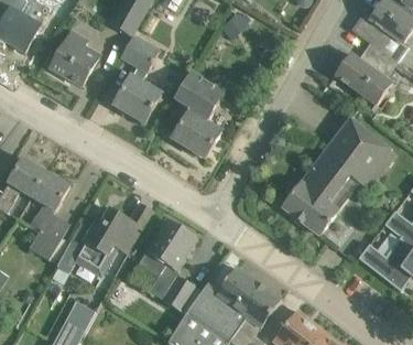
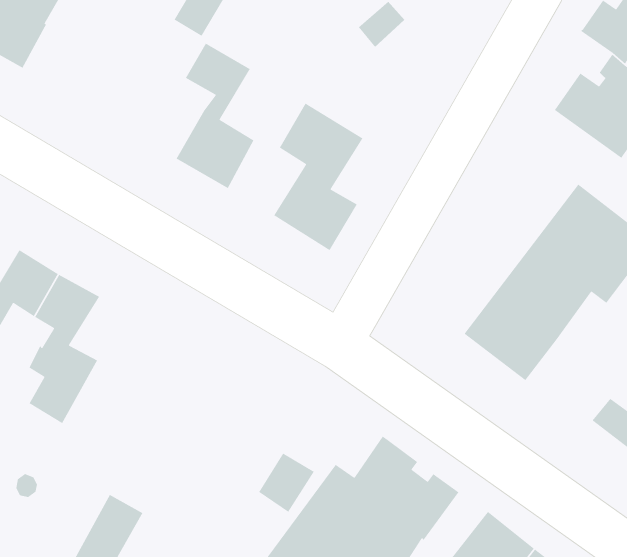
building: [50,29,97,84] -> none
building: [55,207,143,272] -> none
building: [138,219,196,276] -> none

